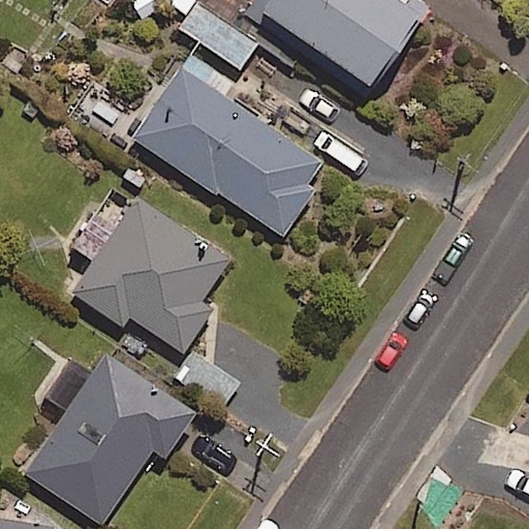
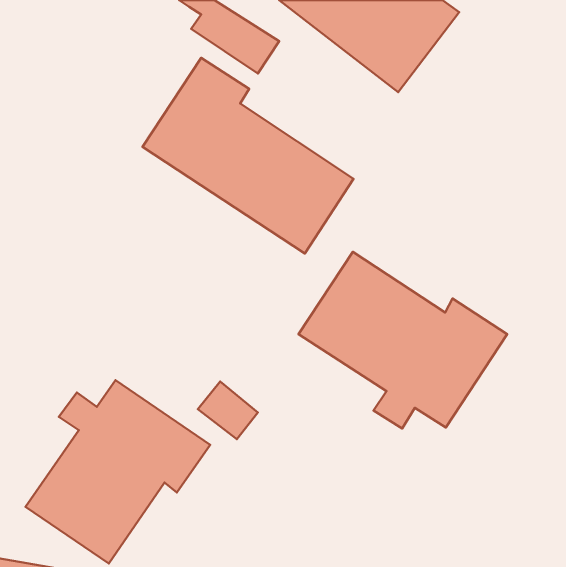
building: [73,198,226,353] -> none
building: none -> [299,252,507,429]

